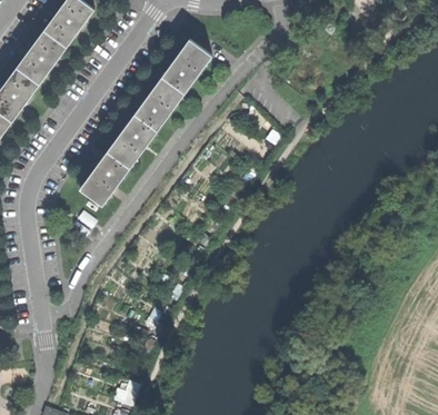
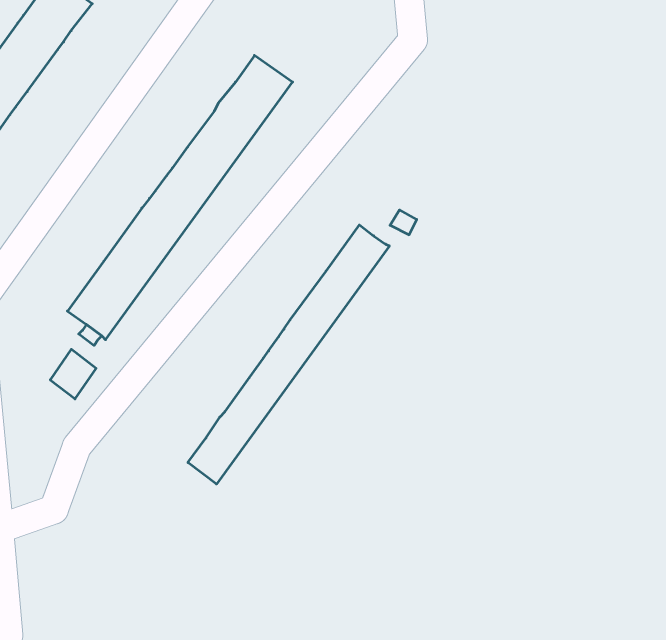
building: none -> [188,225,389,484]

